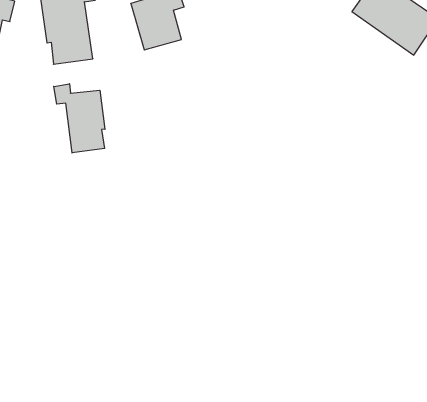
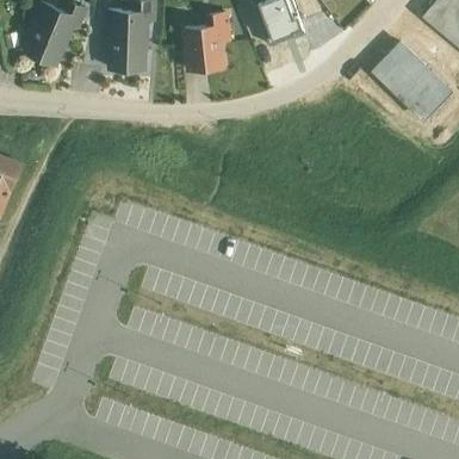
building: [54,84,105,153] -> none

